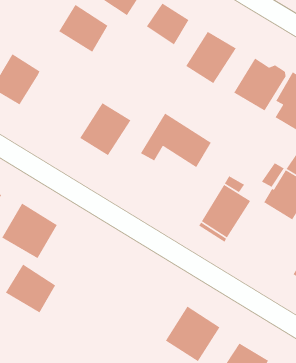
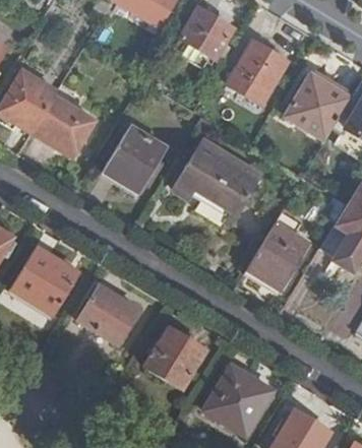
building: [58,4,109,53] -> [35,94,95,152]
building: [5,264,56,313] -> [76,285,137,344]
building: none -> [142,328,202,389]

